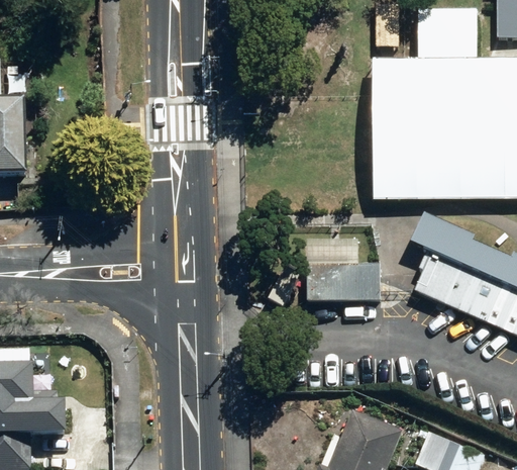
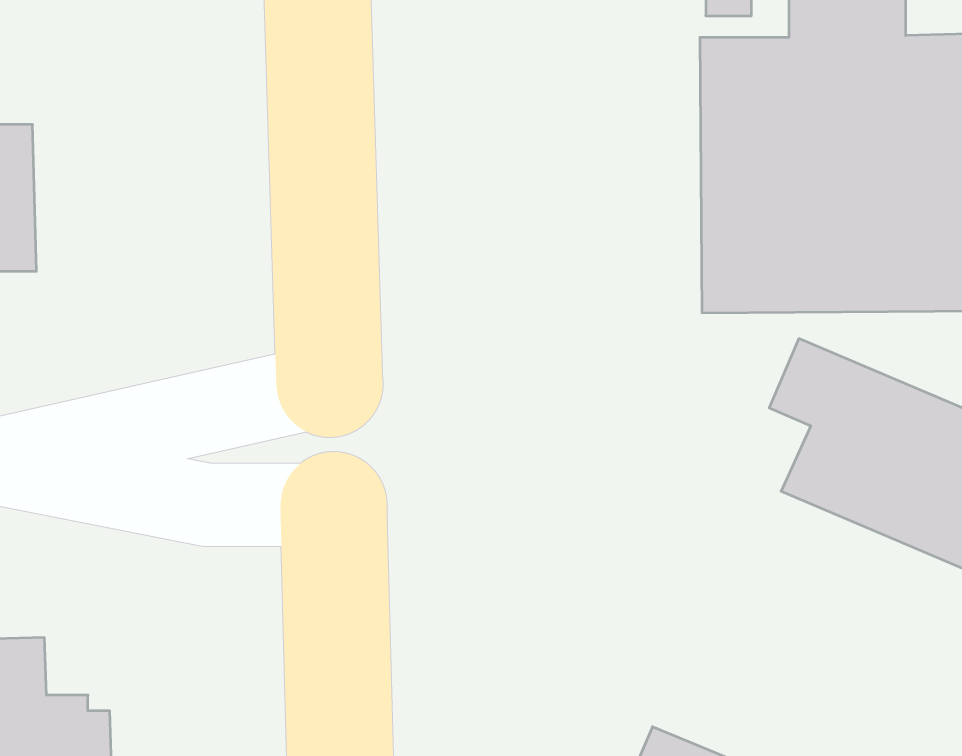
building: [314,269,384,307] -> none

